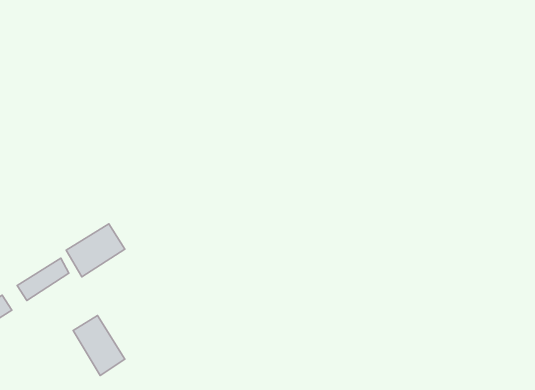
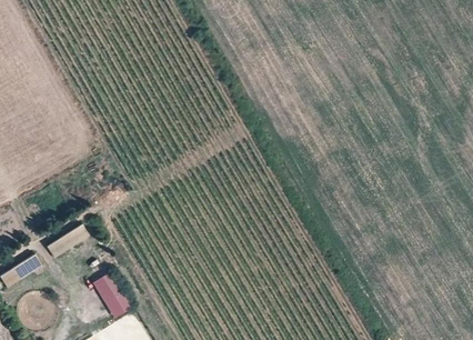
building: [66,224,125,277] -> none

